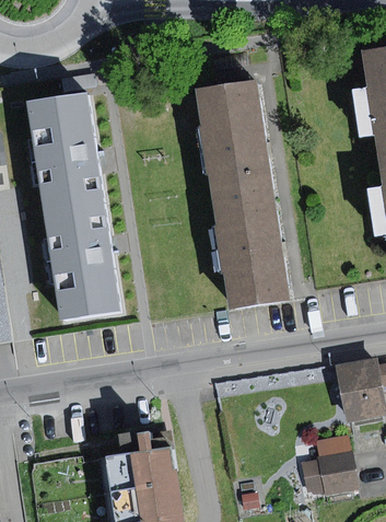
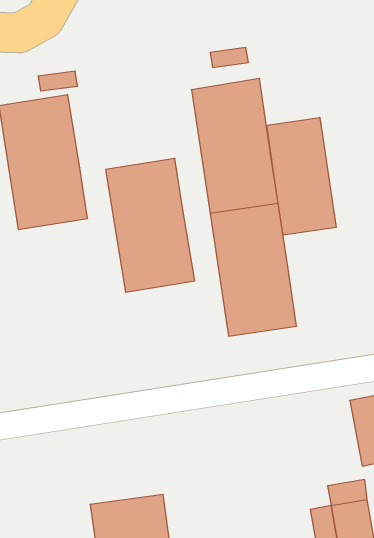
building: none -> [267,117,336,235]
building: [43,205,121,323] -> [106,158,195,292]

